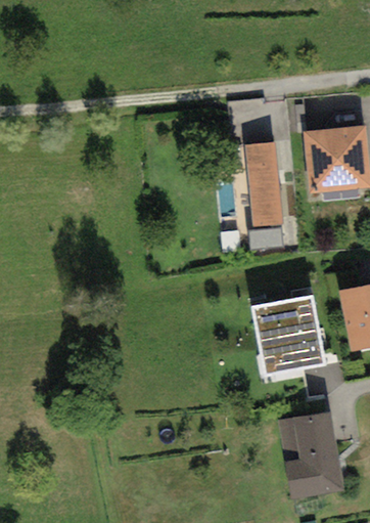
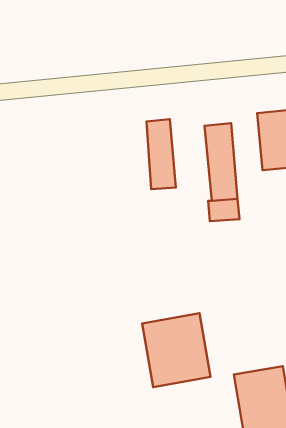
building: none -> [146,119,176,189]
building: [250,295,326,377] -> [142,313,210,387]

